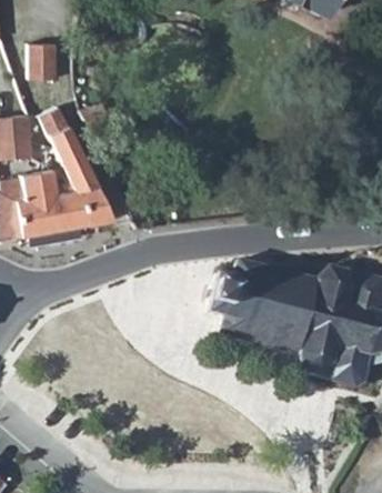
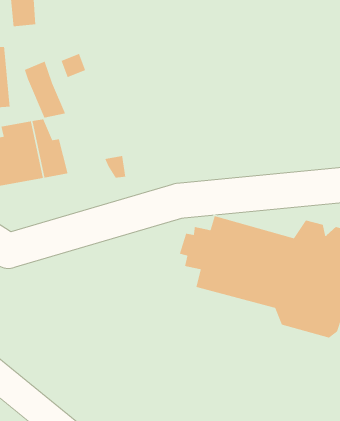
building: [66,162,112,222] -> none

